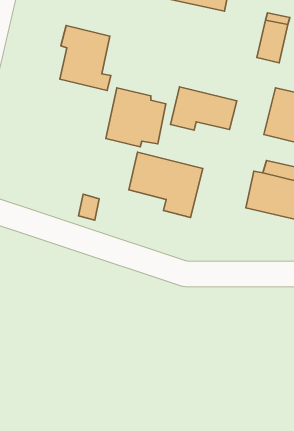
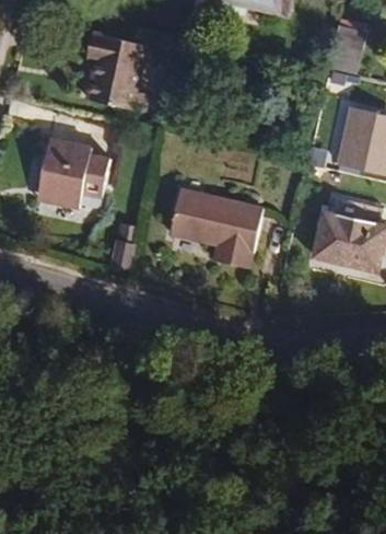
building: [170,87,237,130] -> none
building: [106,88,166,147] -> [35,138,108,210]

